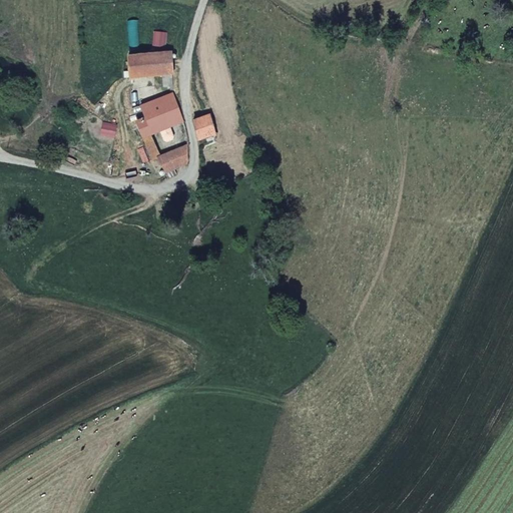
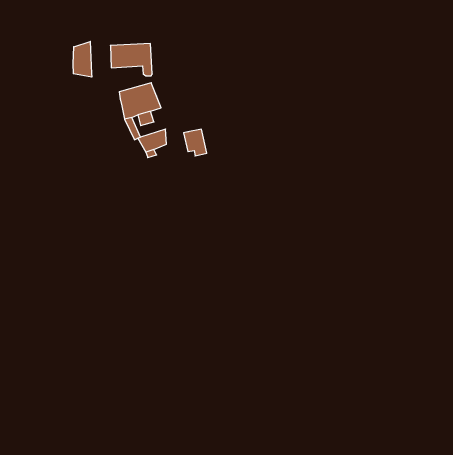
building: none -> [73,41,92,77]
building: [191,112,217,142] -> [184,129,207,156]

